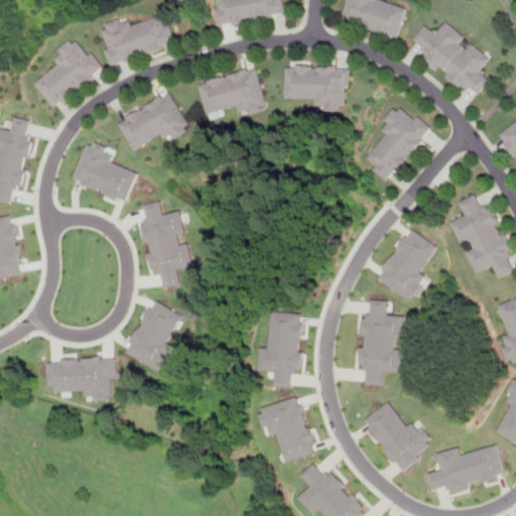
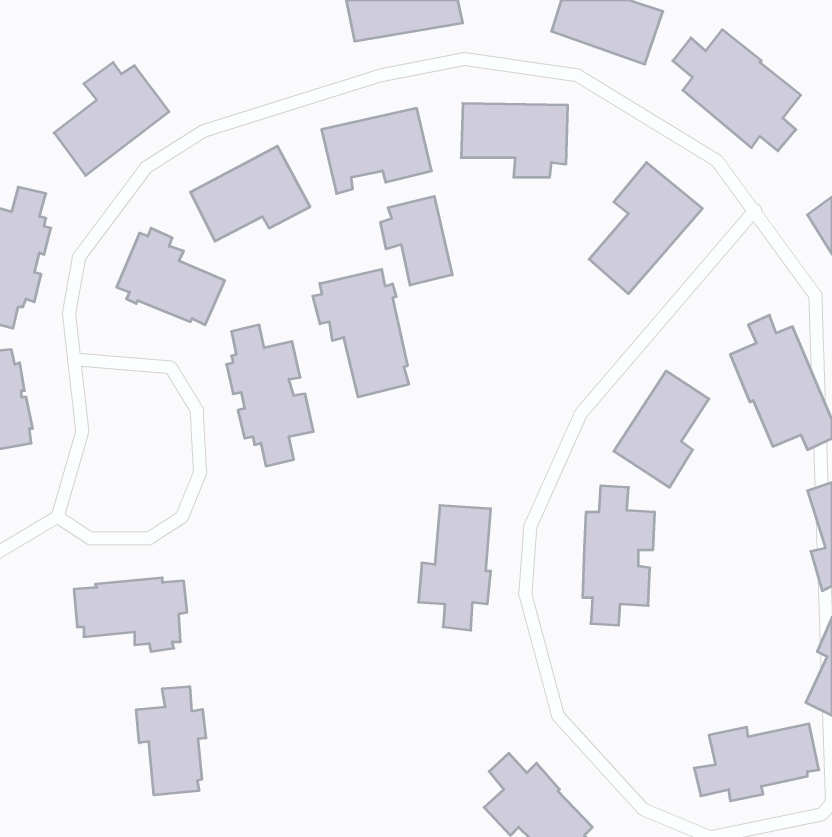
building: [98,14,175,67] -> none
building: none -> [381,196,452,285]
building: none -> [313,269,409,397]
building: [125,299,181,371] -> none
building: [259,396,314,462] -> none
building: [363,402,430,473] -> none
building: none -> [136,686,206,795]

